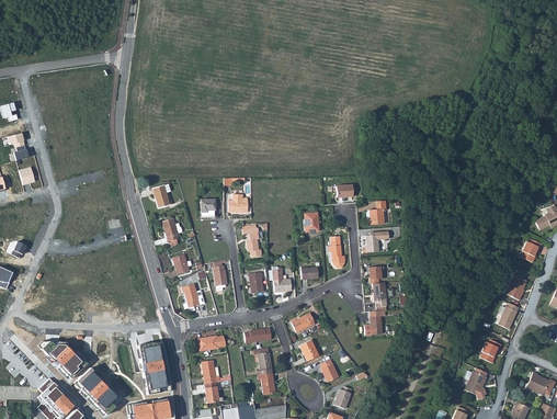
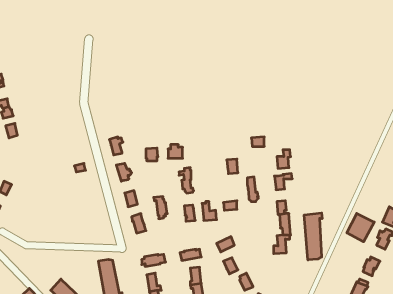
building: none -> [304,213,322,260]
building: none -> [347,213,374,242]
building: [49,346,81,375] -> none

